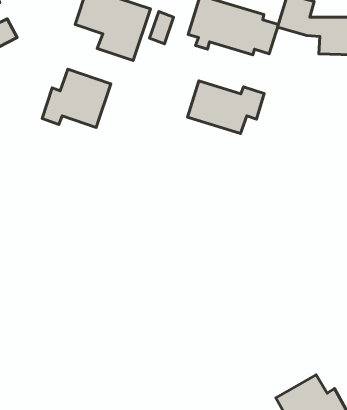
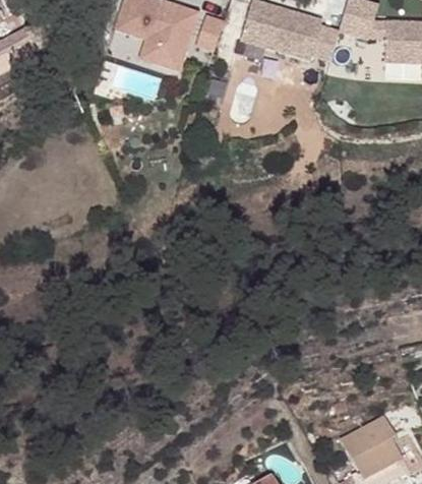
building: [42,69,111,128] -> none
building: [188,81,264,134] -> none

